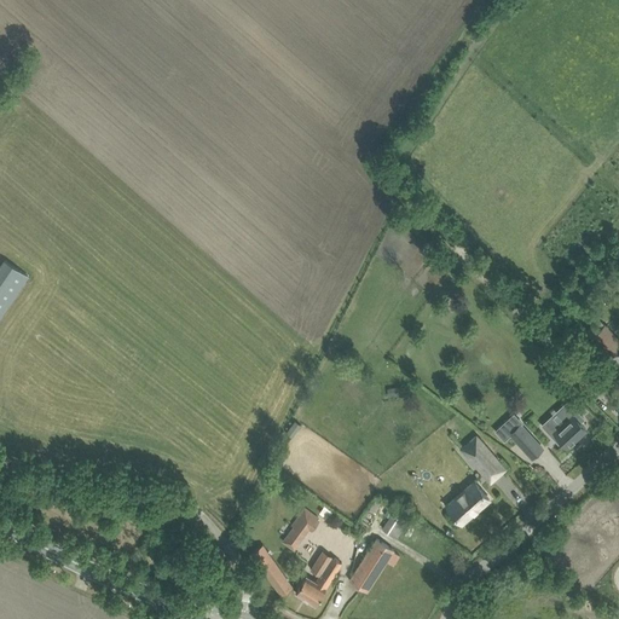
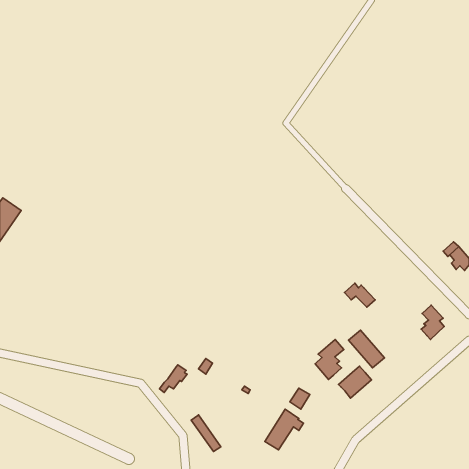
building: [494,420,534,451] -> [345,283,375,307]
building: none -> [315,339,344,379]
building: [282,510,318,546] -> [160,365,187,392]
building: [295,551,341,606] -> none

